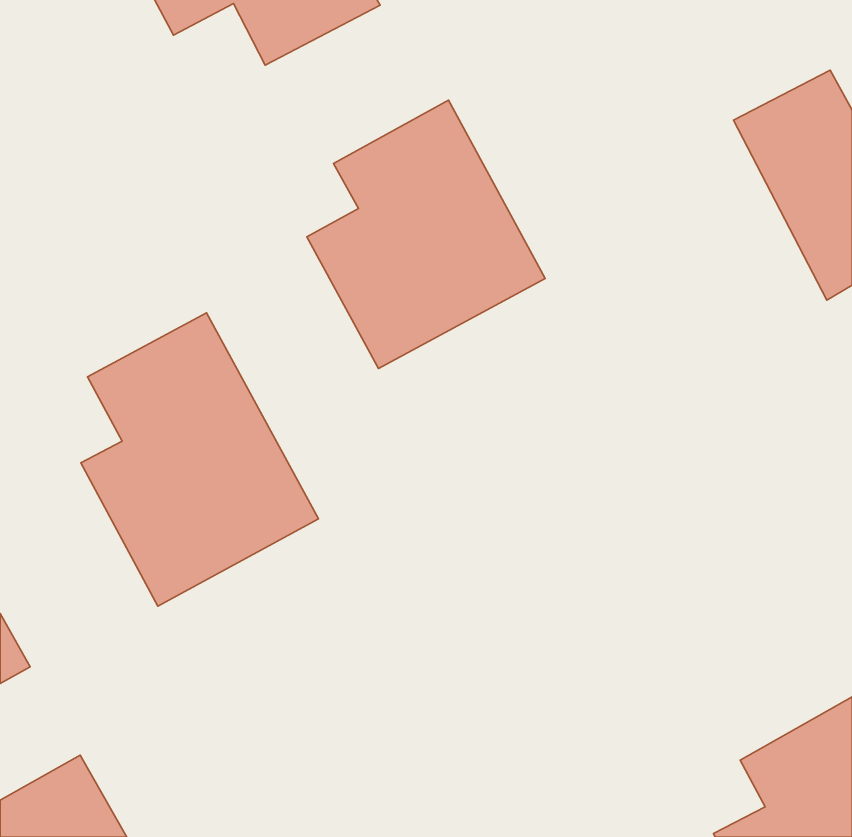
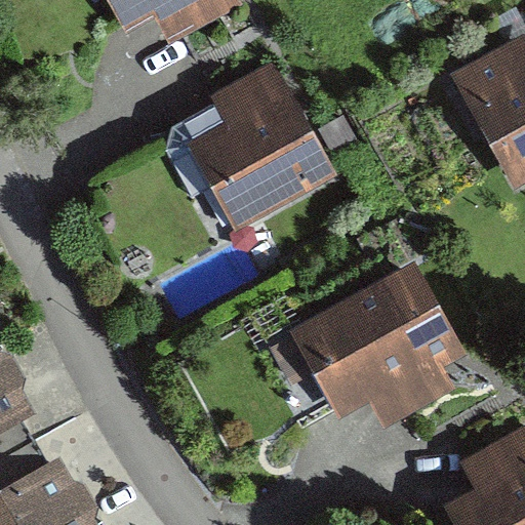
building: [81,313,319,606] -> none
building: none -> [309,267,451,407]

